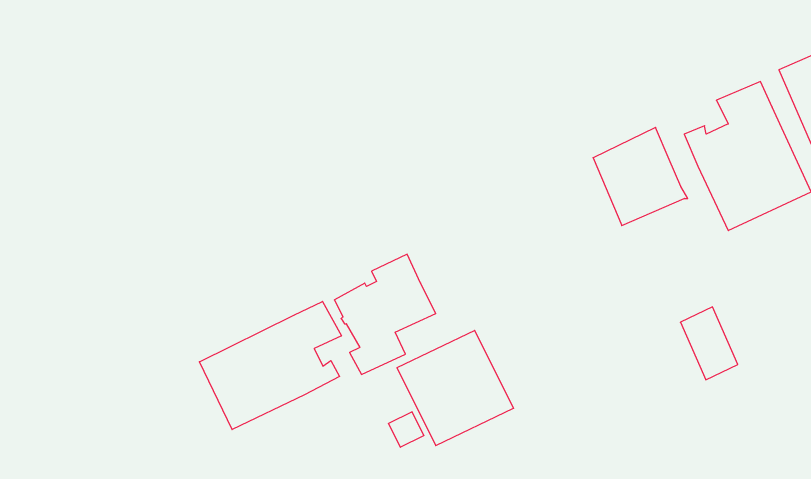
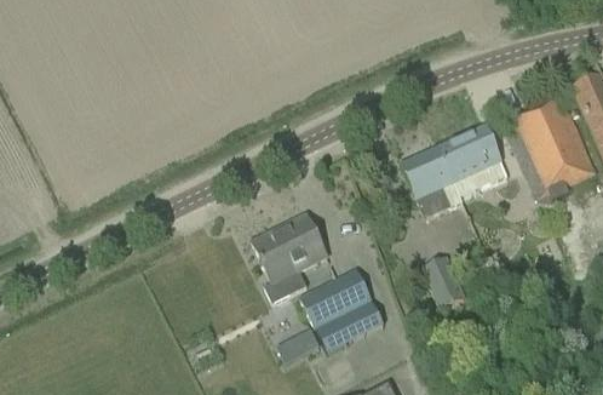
building: none -> [400,145,461,216]
building: [199,301,341,430] -> none
building: [680,307,738,380] -> [421,256,463,308]

